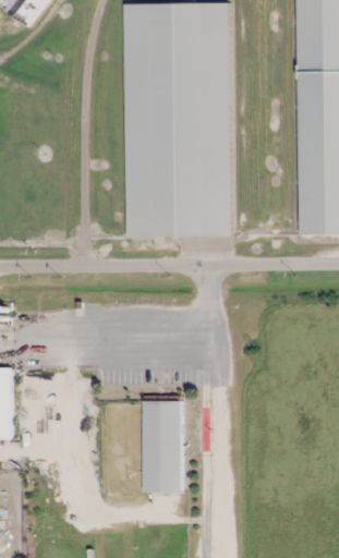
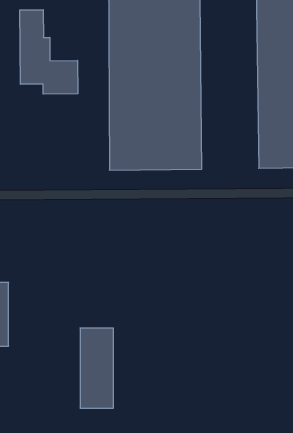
building: none -> [20,10,78,94]
building: [144,399,182,490] -> [80,328,113,408]

